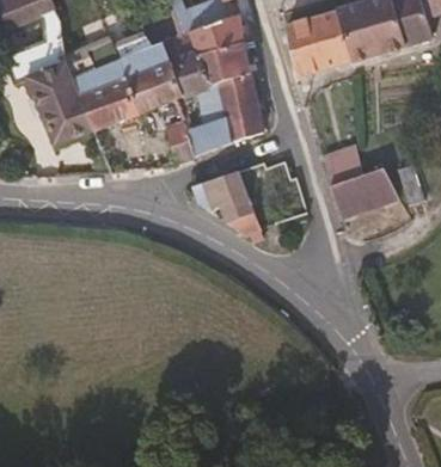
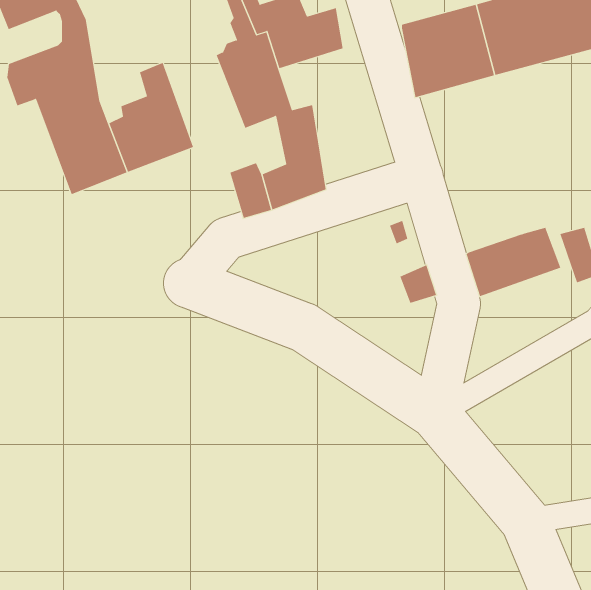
building: [111,30,173,111] -> none
building: [197,42,261,141] -> none
building: [321,145,368,185] -> none
building: [191,171,261,235] -> none

